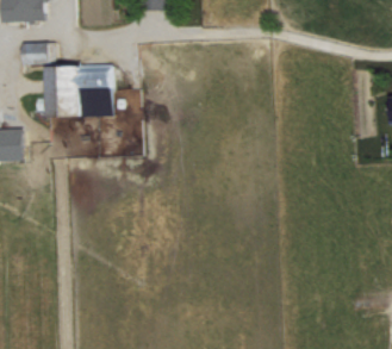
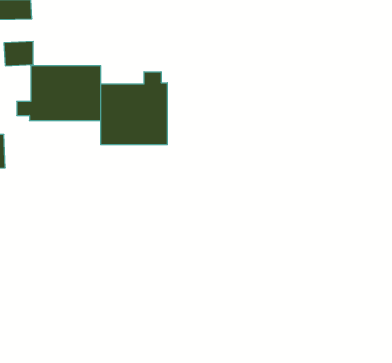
building: none -> [101,72,167,145]

